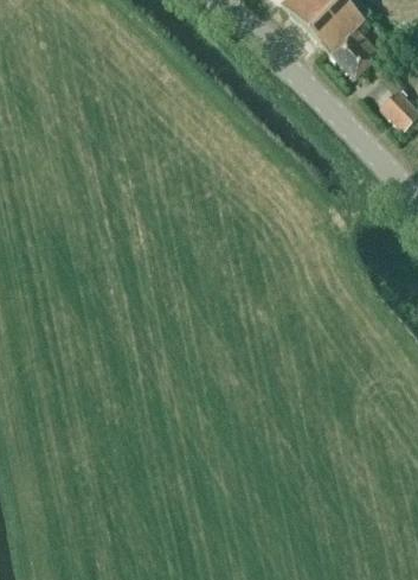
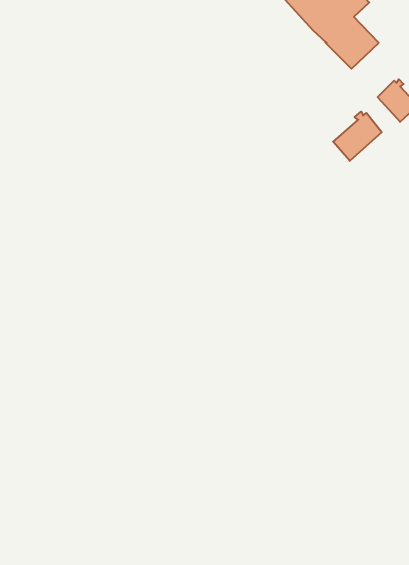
building: none -> [333,112,382,161]

